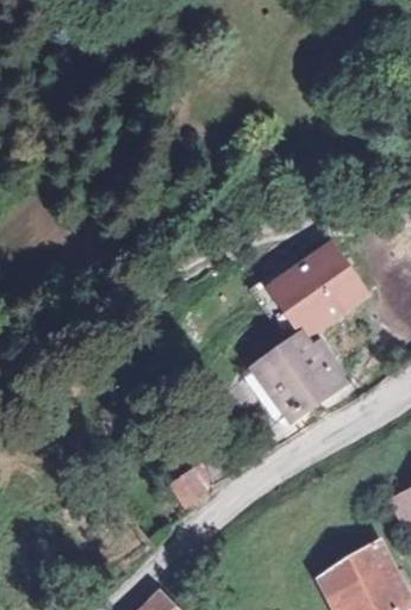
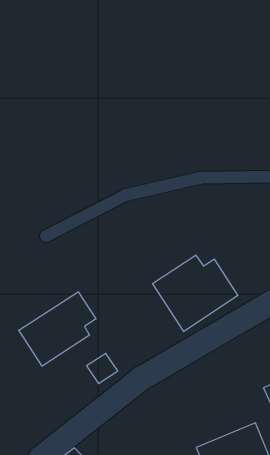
building: [270,253,354,330] -> none
building: none -> [19,292,96,366]

